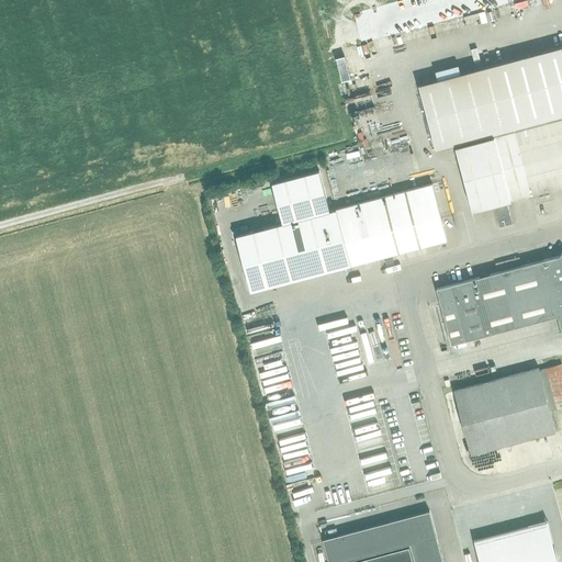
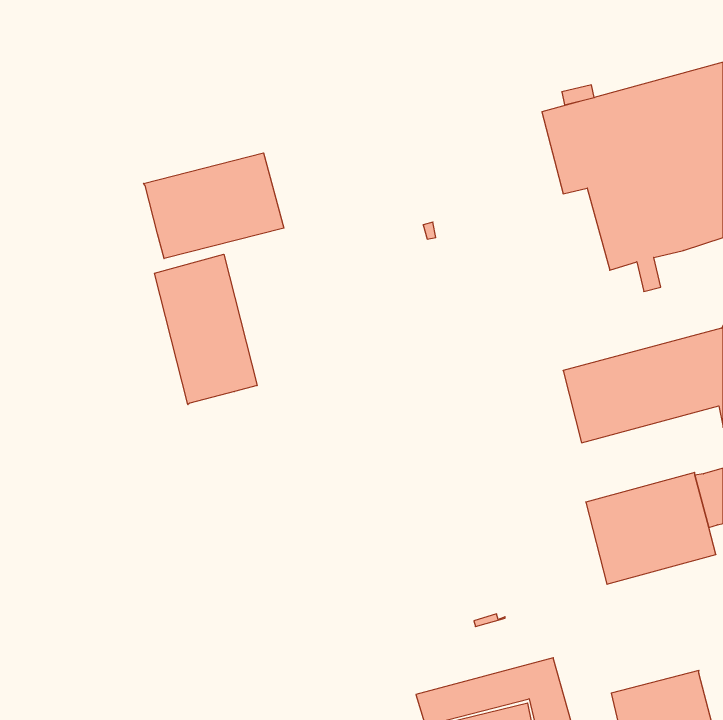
building: none -> [144,153,284,259]
building: [236,172,447,293] -> none
building: none -> [154,254,257,405]

